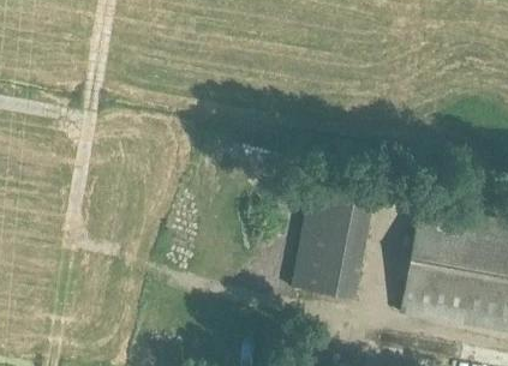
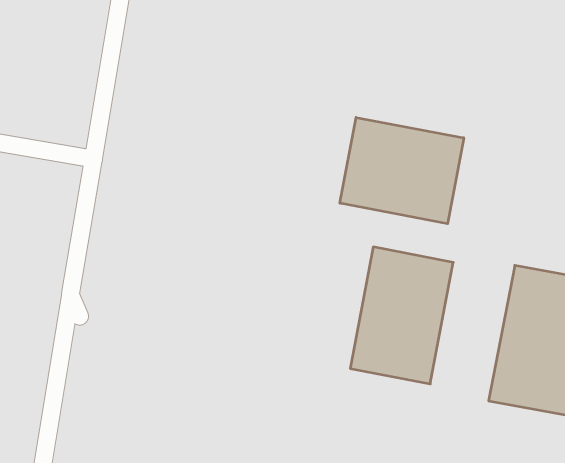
building: none -> [340,117,464,224]

